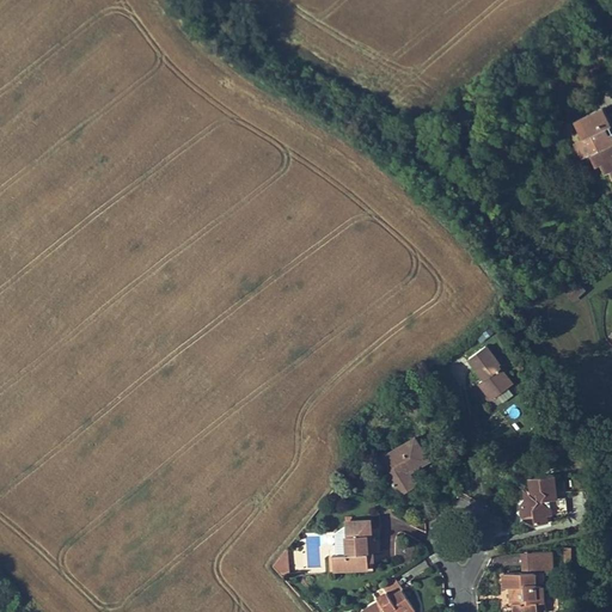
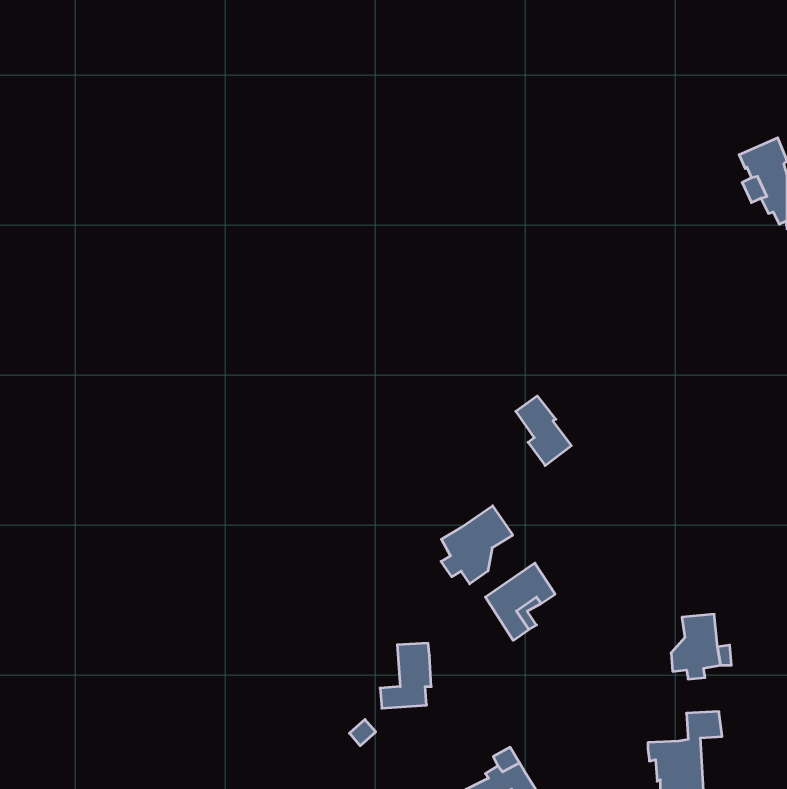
building: [466,349,509,403] -> [516,396,571,466]
building: none -> [441,506,513,584]
building: [331,522,371,573] -> [380,643,431,708]

